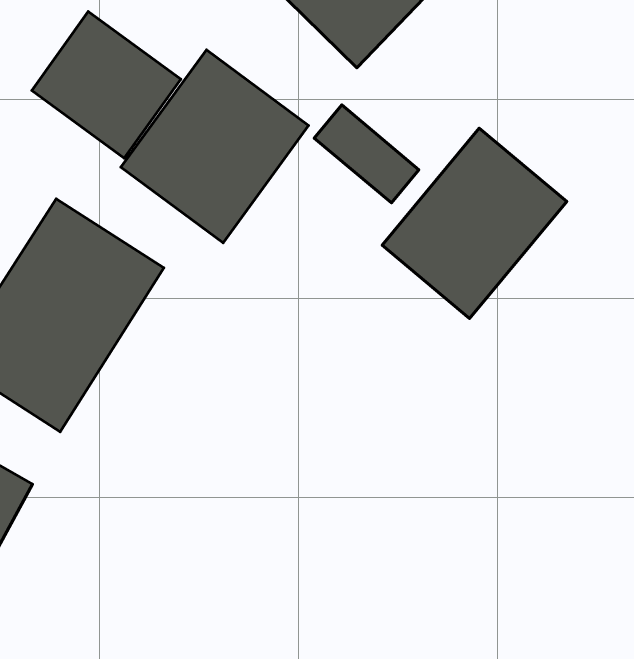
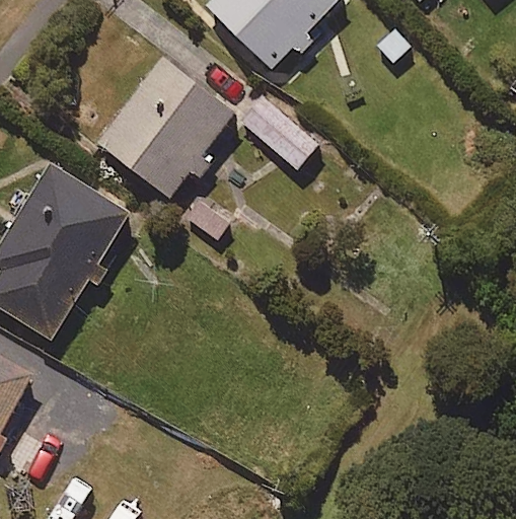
building: [32,12,181,158] -> none
building: [382,128,567,318] -> none

